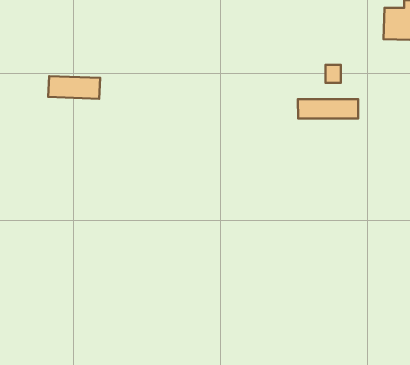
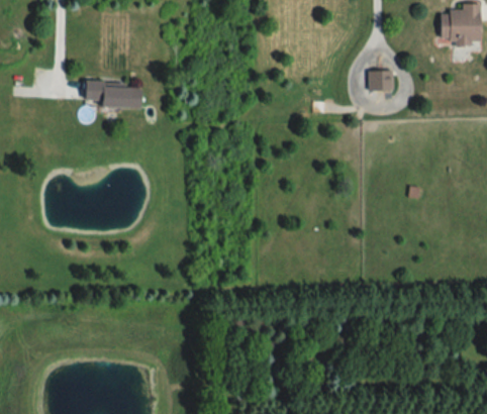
building: [298,99,358,119] -> none

